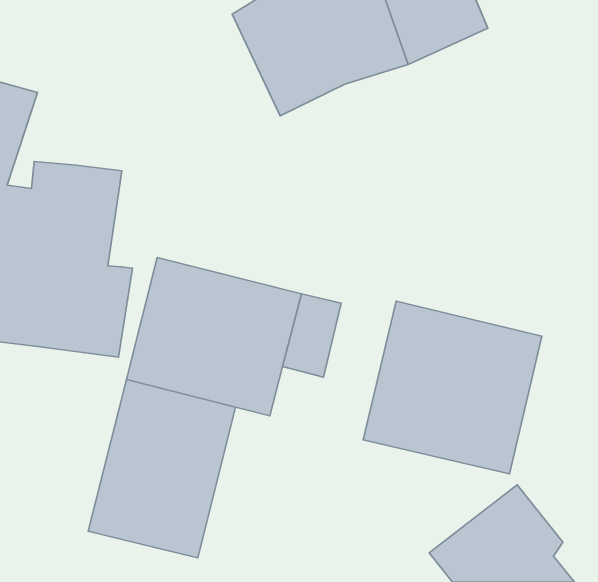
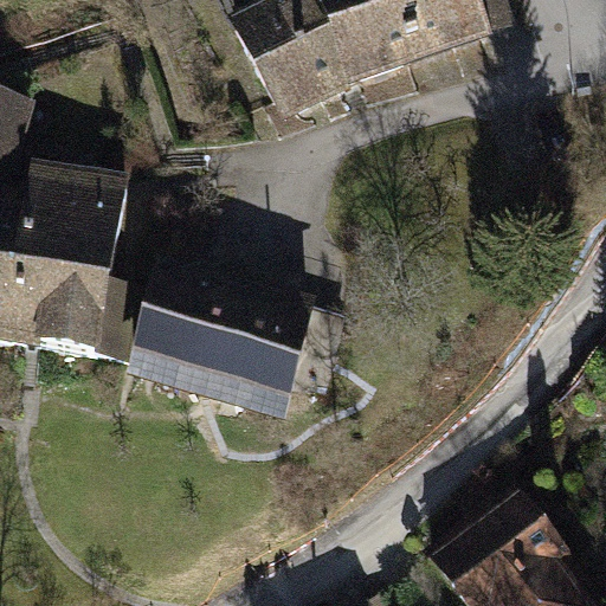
building: [363,301,542,474] -> none
building: [88,379,236,558] -> none

